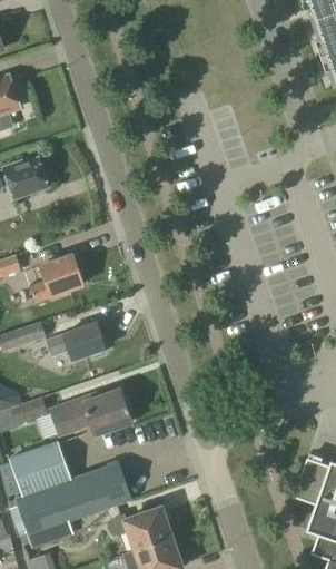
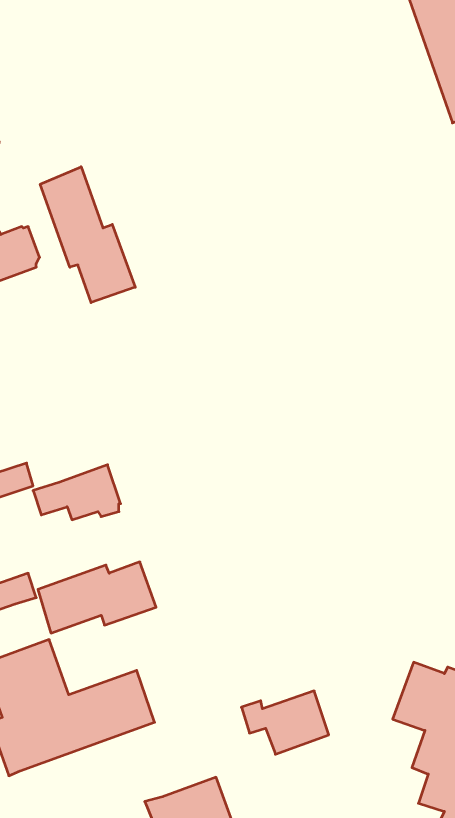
building: none -> [40,167,135,303]
building: [29,254,83,303] -> none
building: [111,507,171,550] -> [241,691,329,754]

